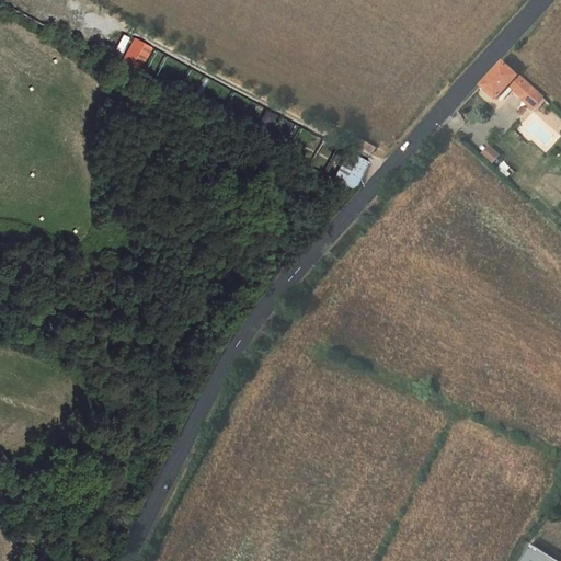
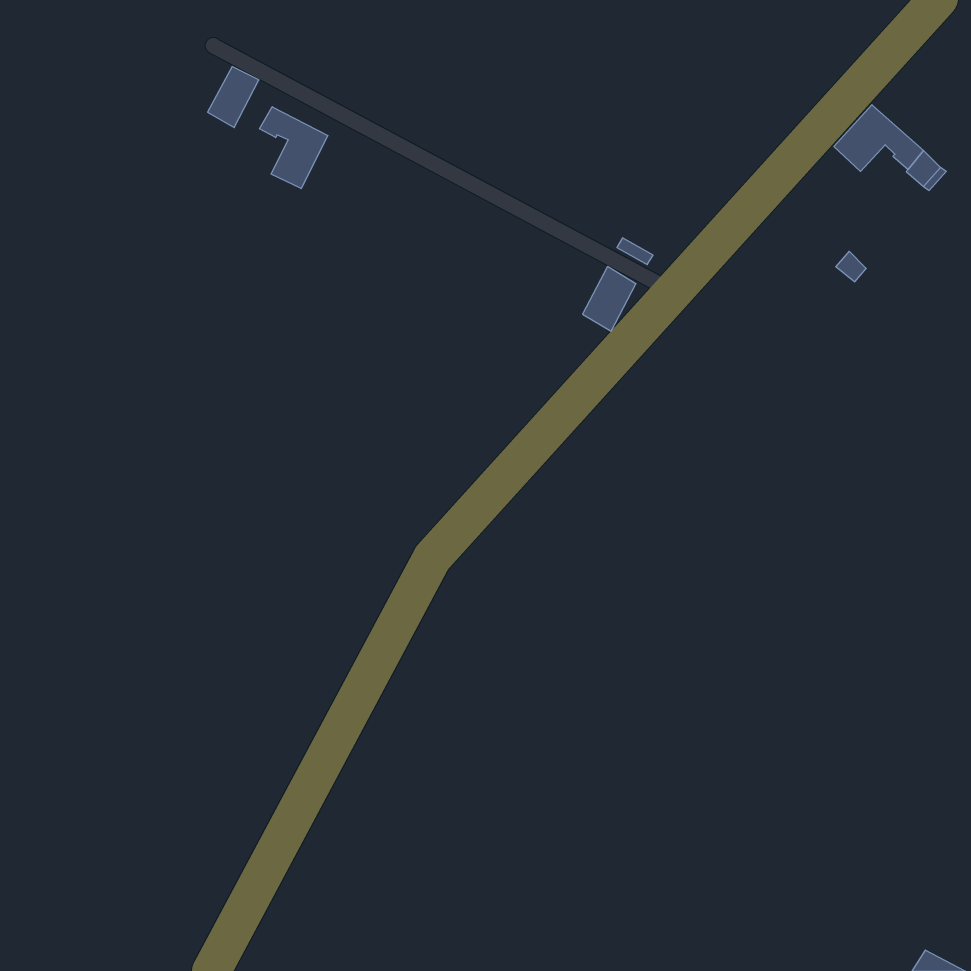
building: none -> [260,107,328,189]

